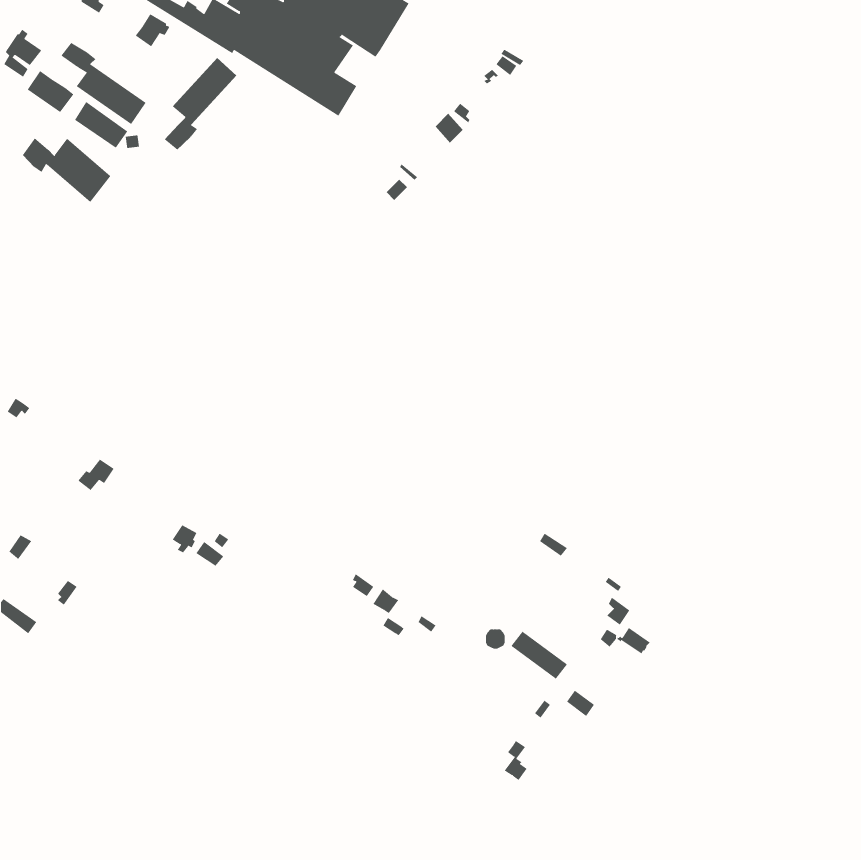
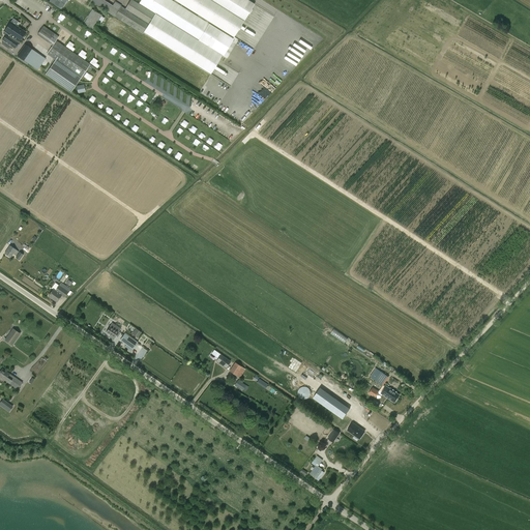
building: [164,57,237,151] -> none
building: [22,138,111,203] -> none

